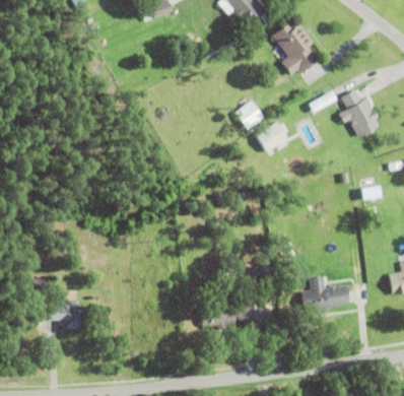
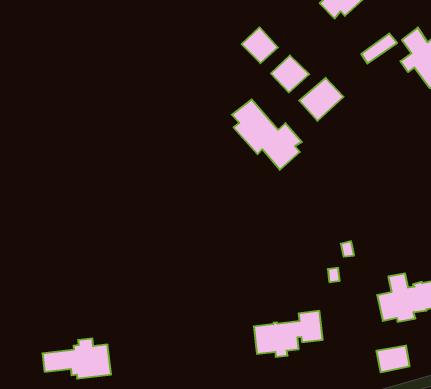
building: none -> [242,27,278,63]
building: none -> [232,99,302,170]
building: none -> [376,345,409,372]

